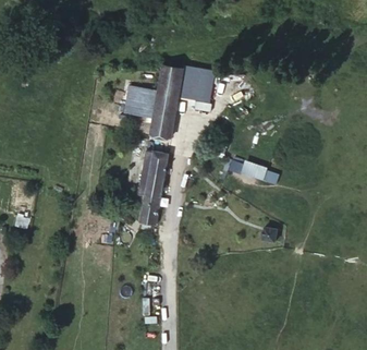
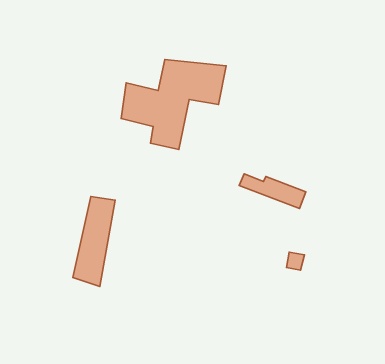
building: [132,154,168,230] -> [73,196,115,286]

